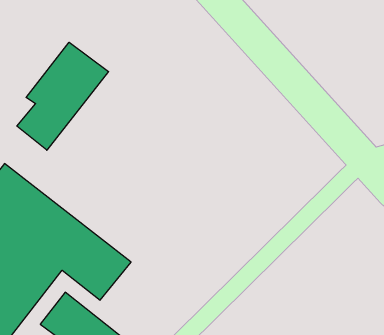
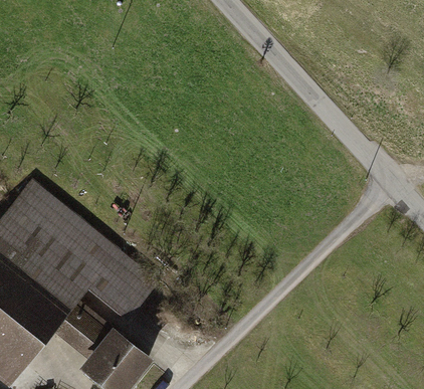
building: [17,42,109,150] -> none

